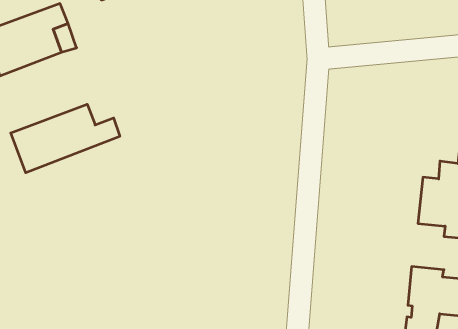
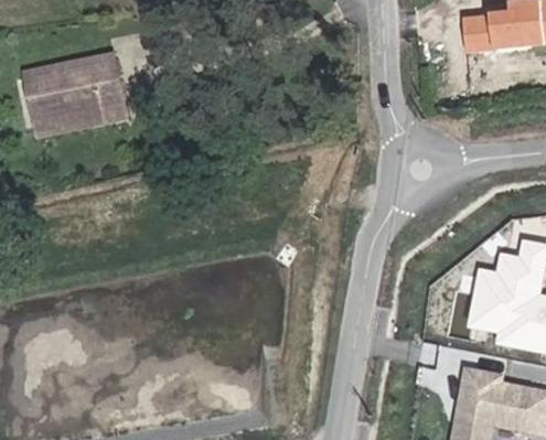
building: [11,104,120,173] -> none

